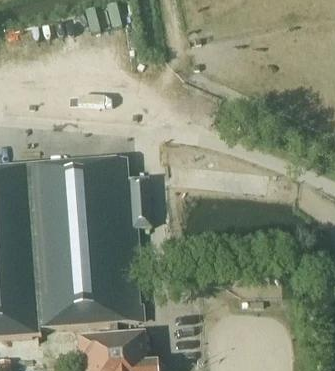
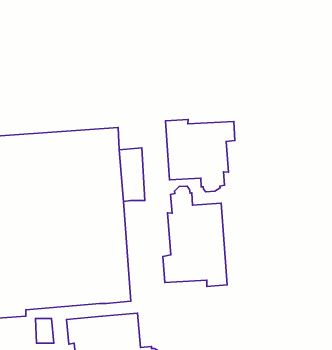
building: none -> [166,119,235,192]
building: none -> [163,186,227,287]

